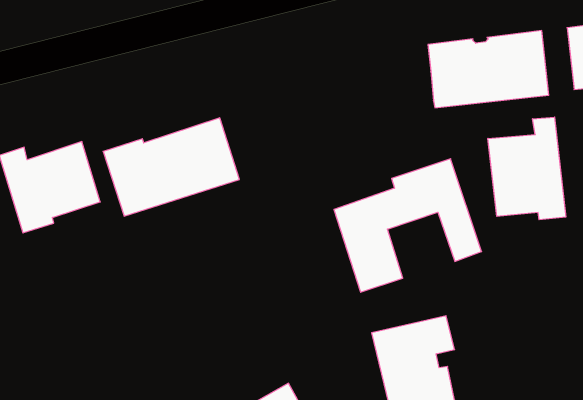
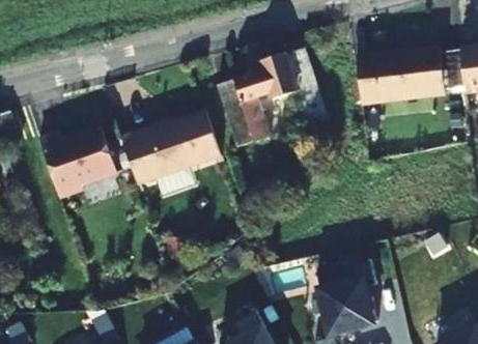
building: [488,117,566,220] -> none
building: [334,159,482,292] -> [218,49,327,147]

